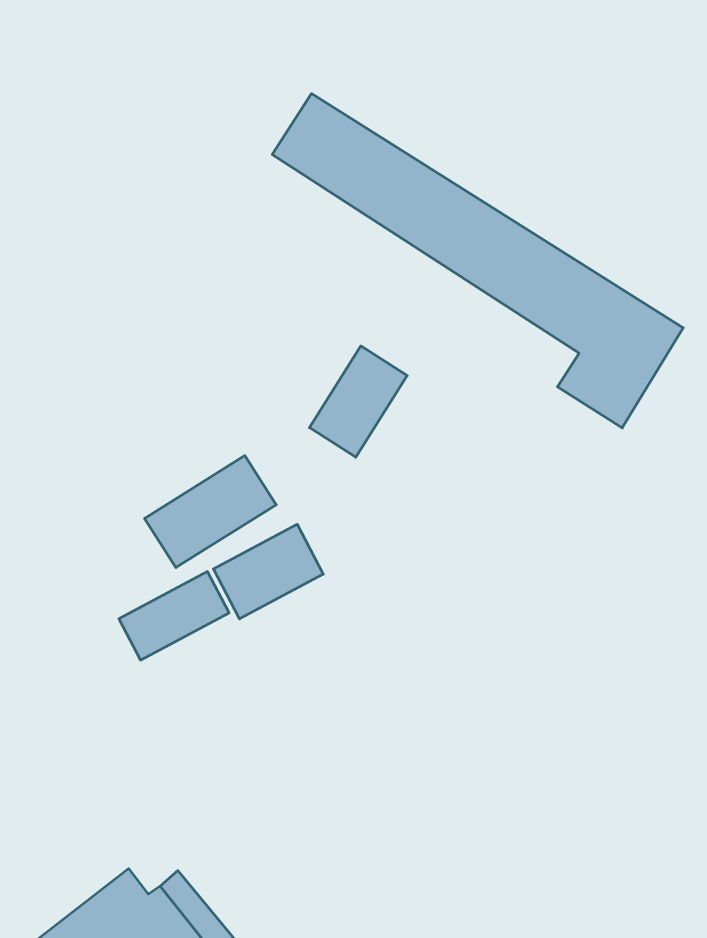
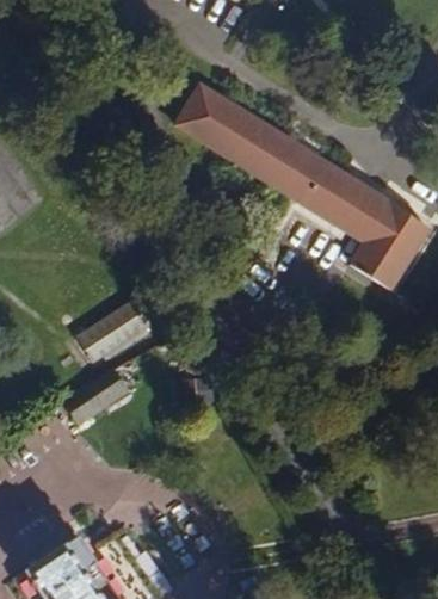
building: [309,346,407,457] -> none
building: [213,524,323,619] -> none

